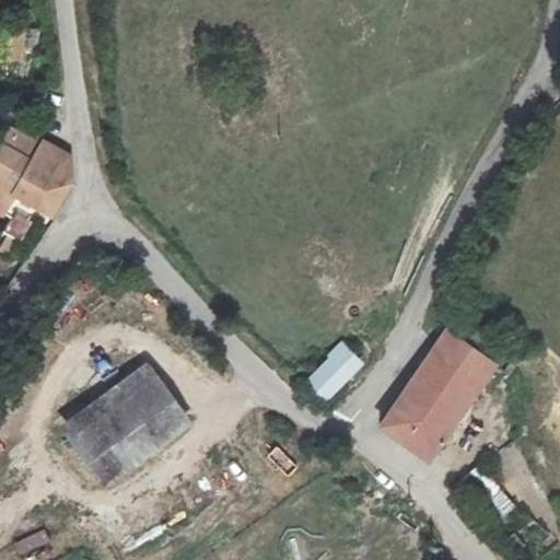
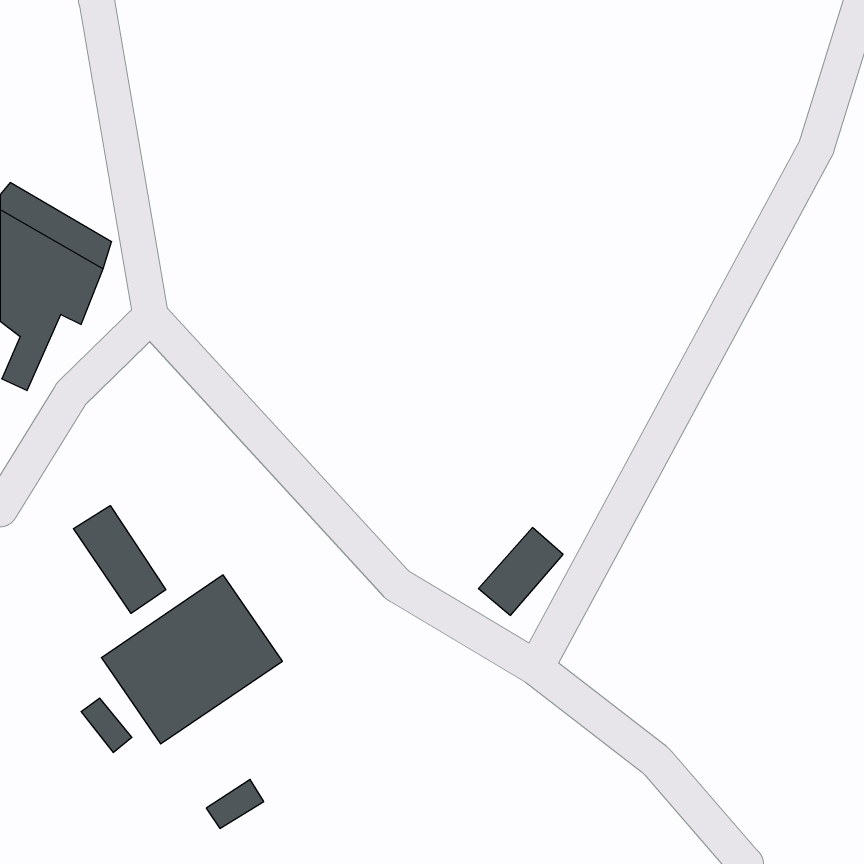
building: none -> [73,506,166,613]
building: [381,329,492,460] -> none

